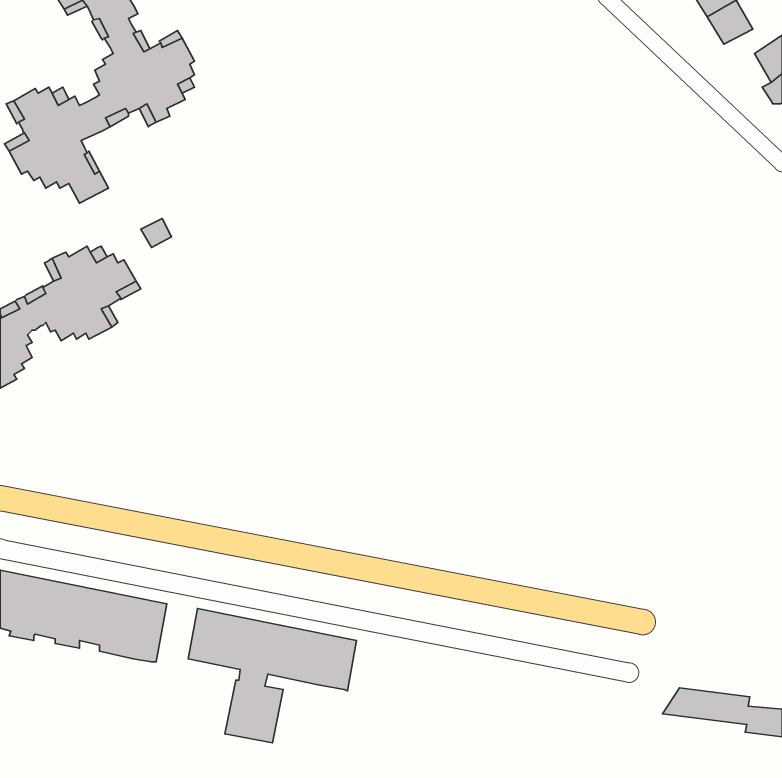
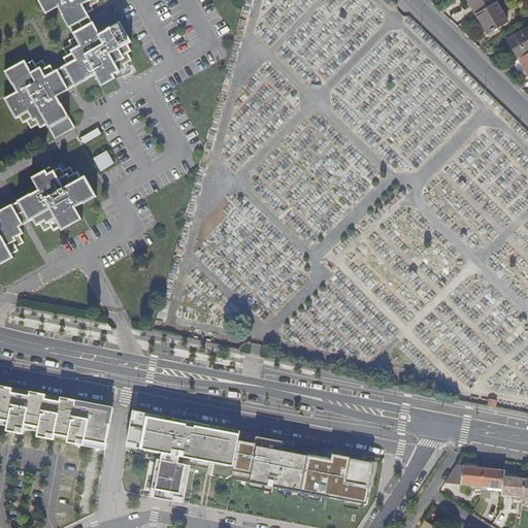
building: none -> [231,432,371,504]

